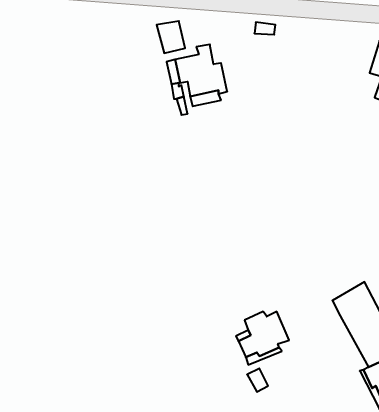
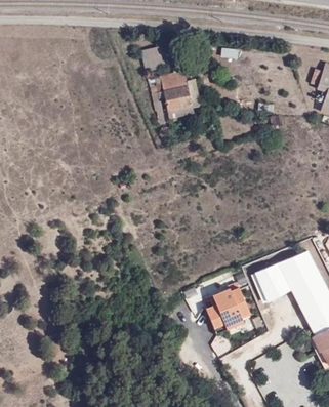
building: none -> [254,250,313,302]

